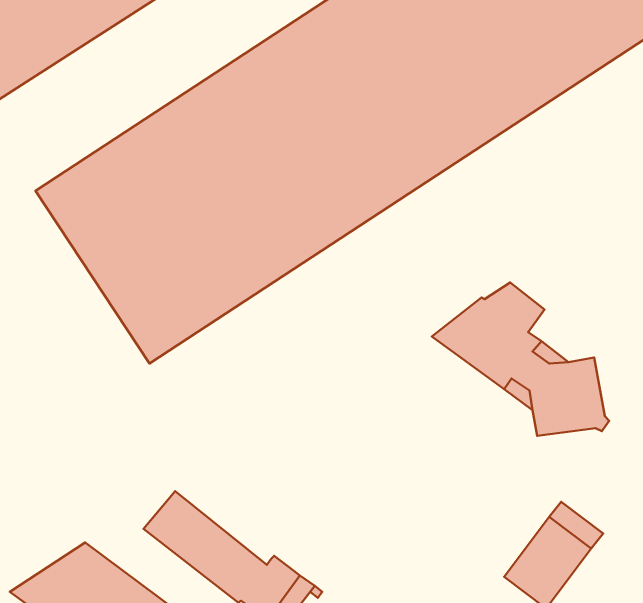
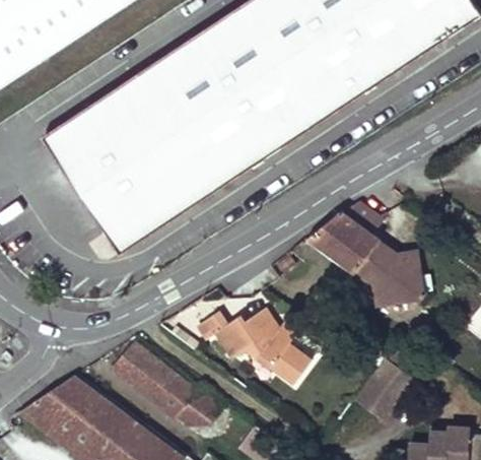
building: none -> [197,308,311,384]

